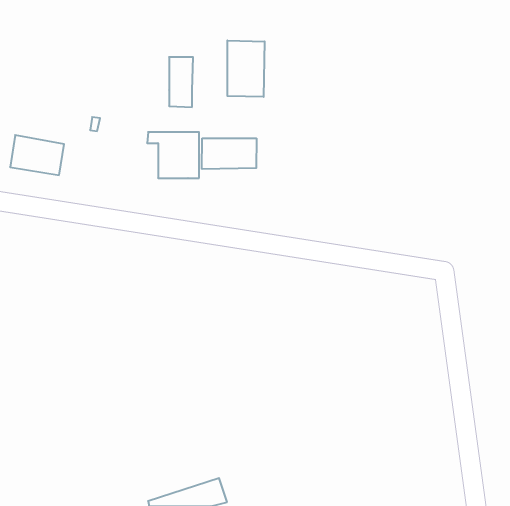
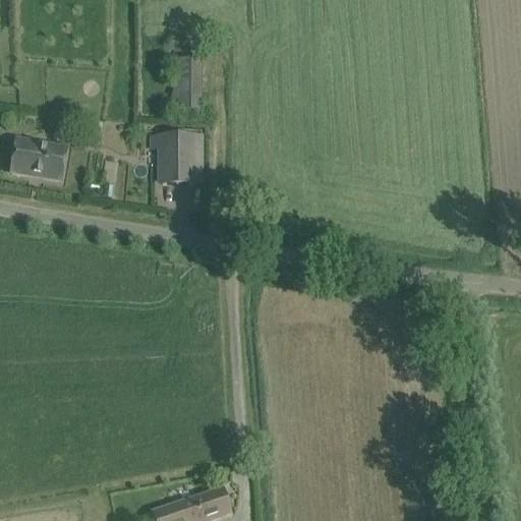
building: [227,40,265,97] -> none
building: [202,138,256,169] -> none

